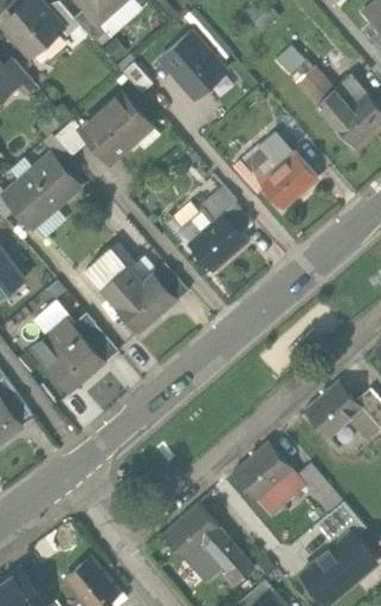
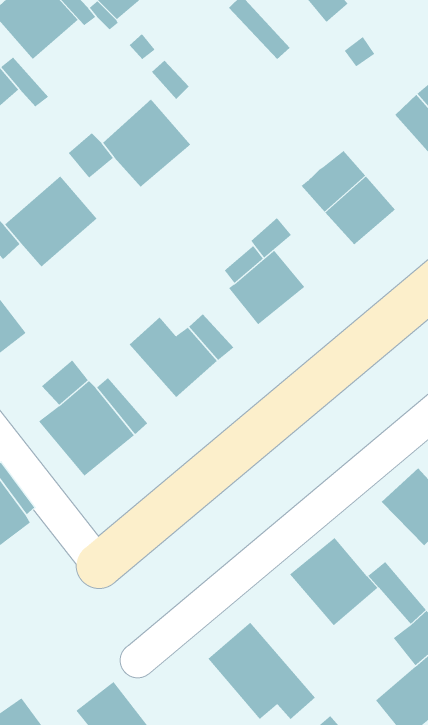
building: [159,31,226,99] -> none
building: [296,65,334,104] -> none
building: [86,246,129,288] -> none

